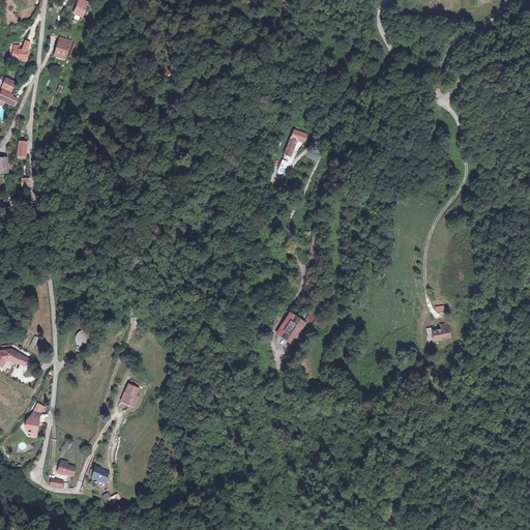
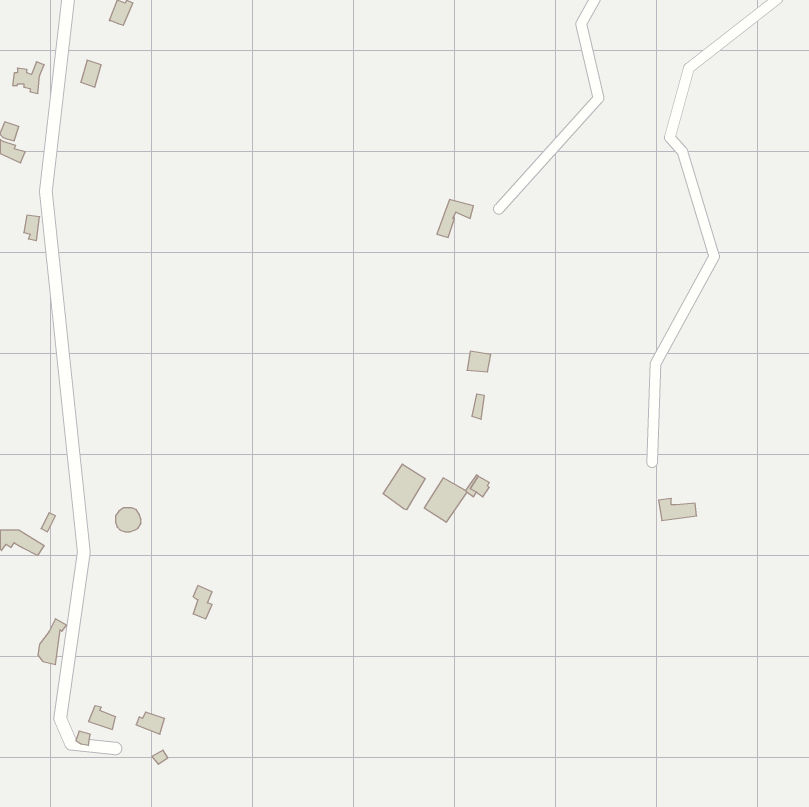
building: none -> [383,464,425,510]

